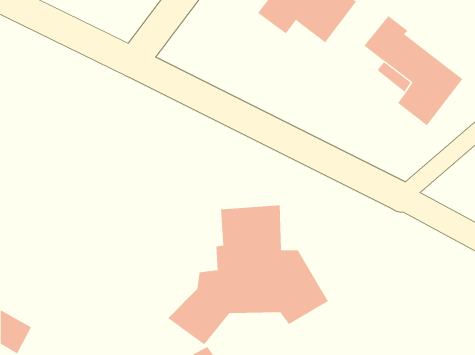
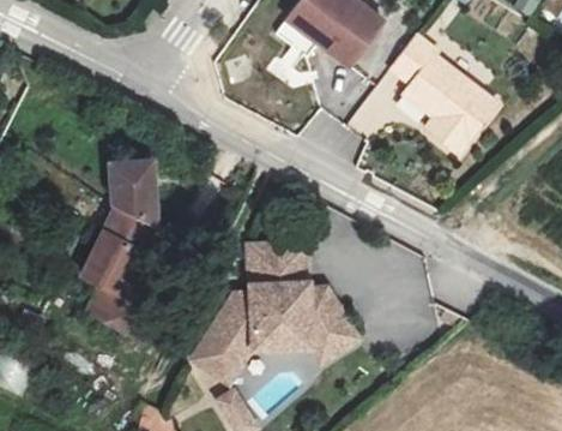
building: none -> [78,160,162,339]

